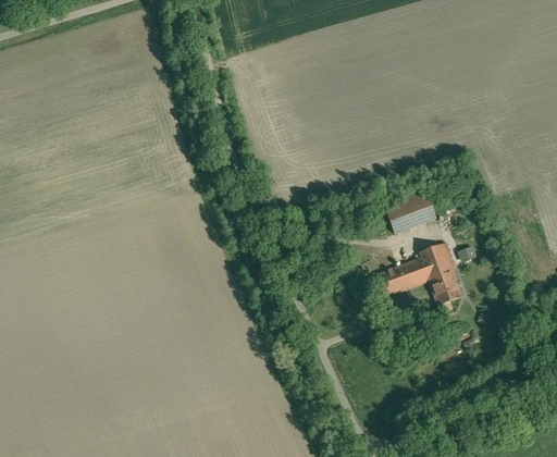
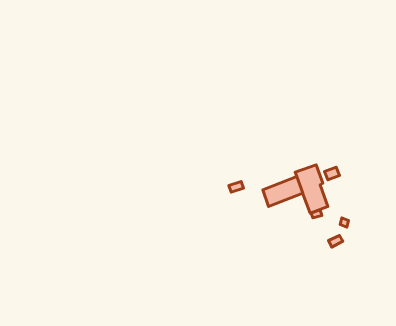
building: [383,187,436,234] -> none

